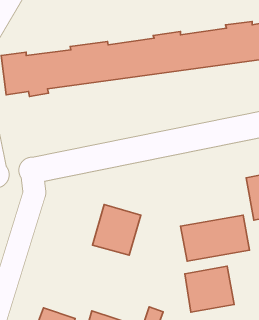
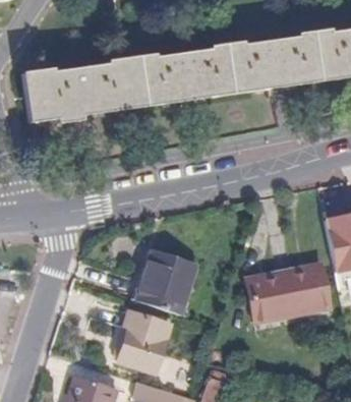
building: none -> [117,312,170,375]
building: [185,266,234,312] -> none

